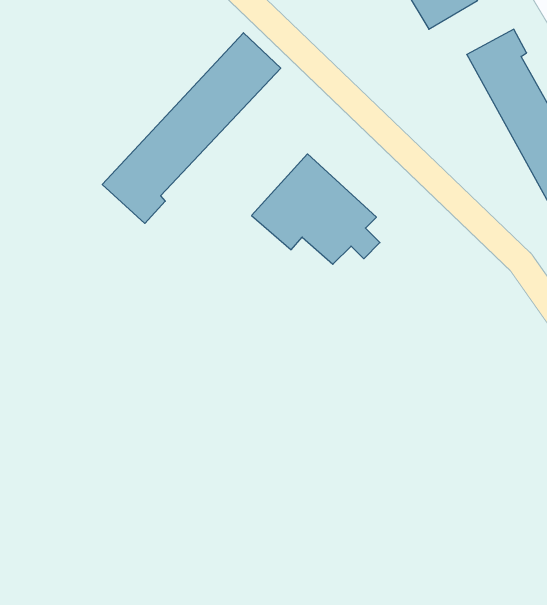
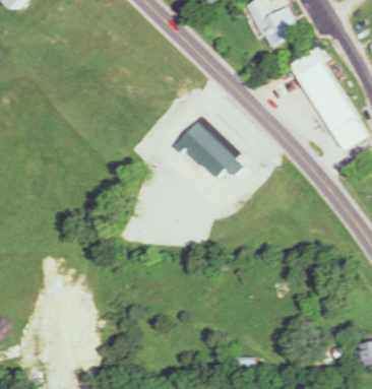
building: [102,33,281,223] -> none

